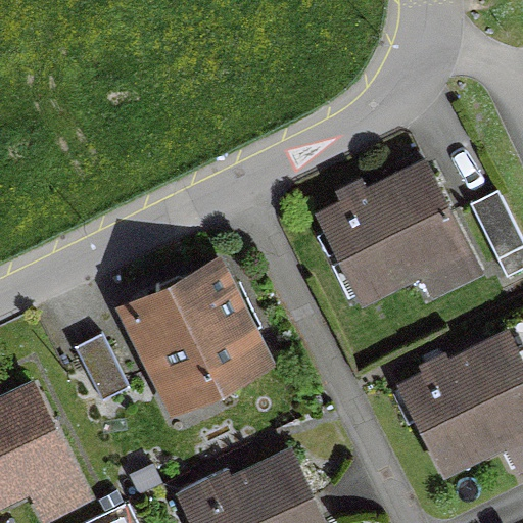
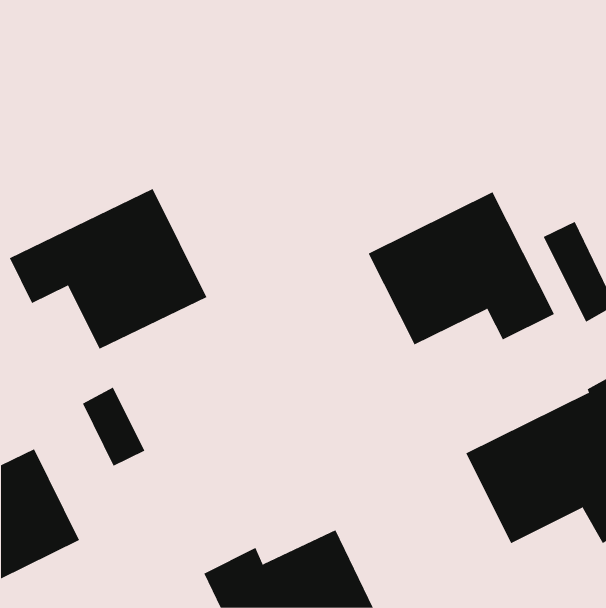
building: none -> [9,188,207,349]
building: [127,267,259,393] -> none

